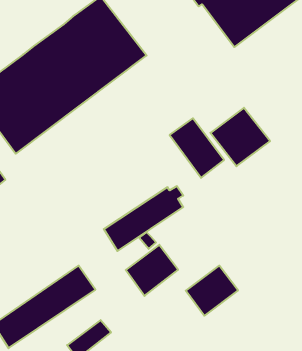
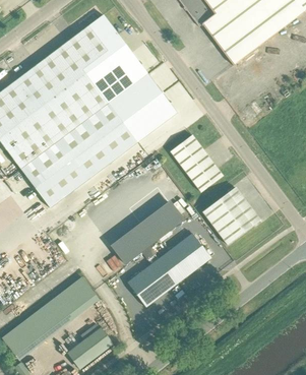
building: none -> [20,73,176,207]
building: [210,108,270,166] -> [202,187,260,244]
building: [186,266,238,316] -> [160,233,210,282]

